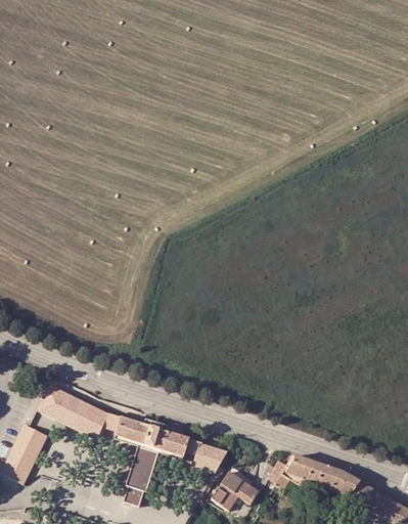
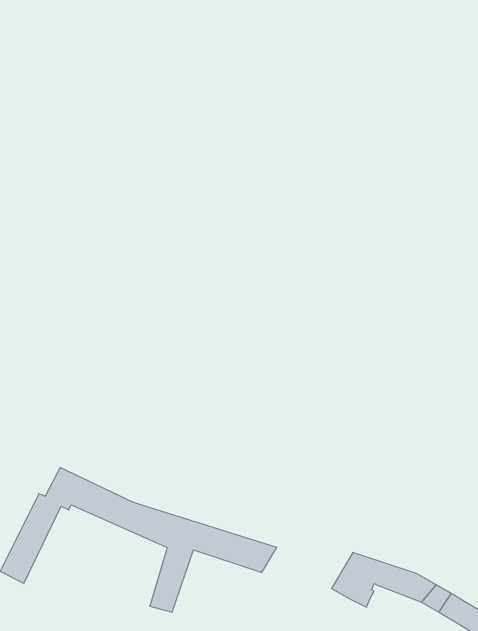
building: [210,470,258,509] -> none

